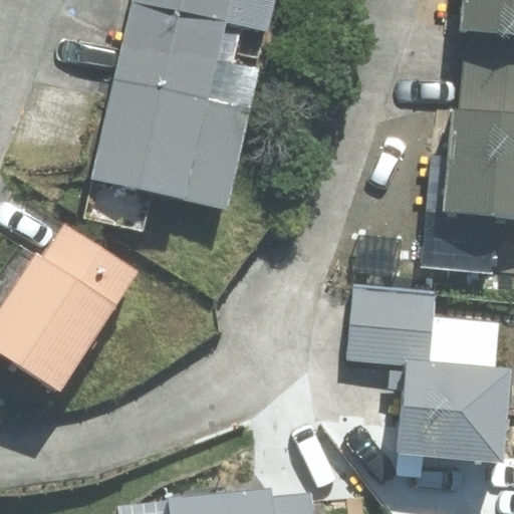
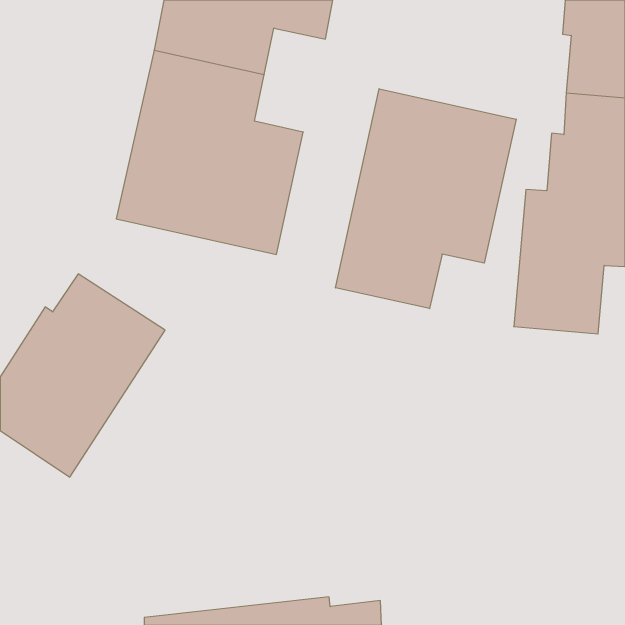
building: none -> [336,89,516,309]
building: [352,289,509,460] -> none

